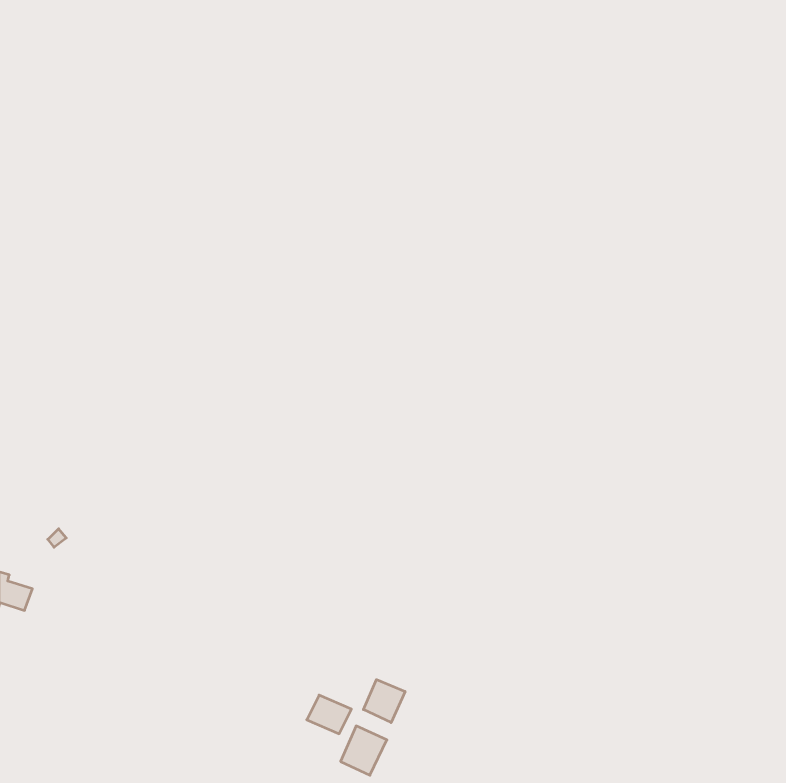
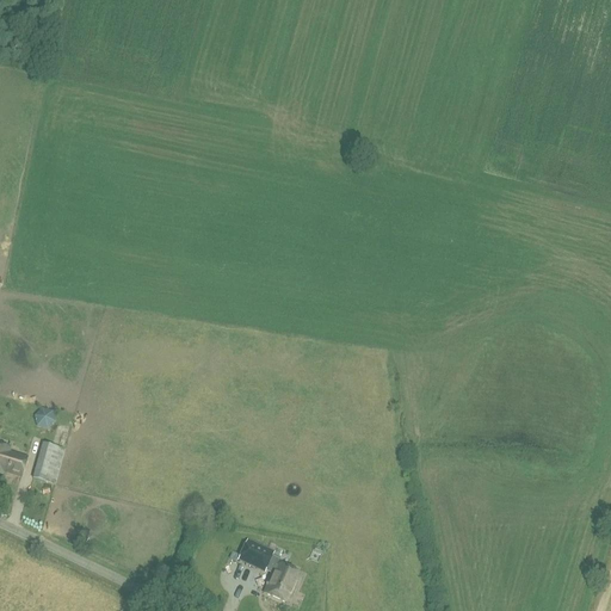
building: none -> [32,440,63,482]
building: [363,680,405,723] -> none

